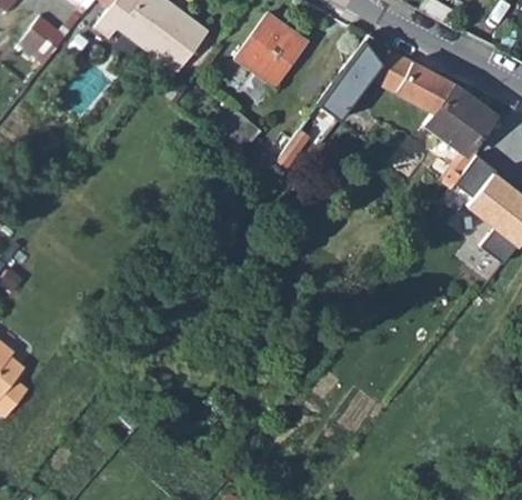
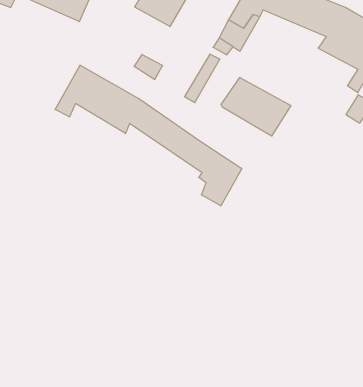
building: none -> [55,65,242,206]
building: none -> [221,77,291,136]

